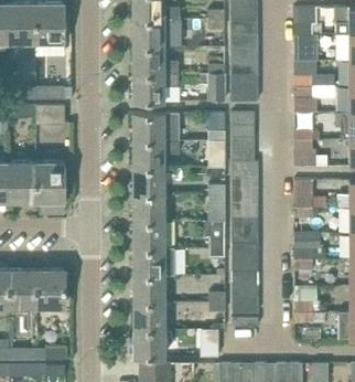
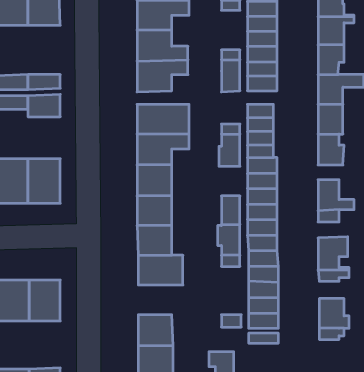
building: [135,275,164,301] -> none

